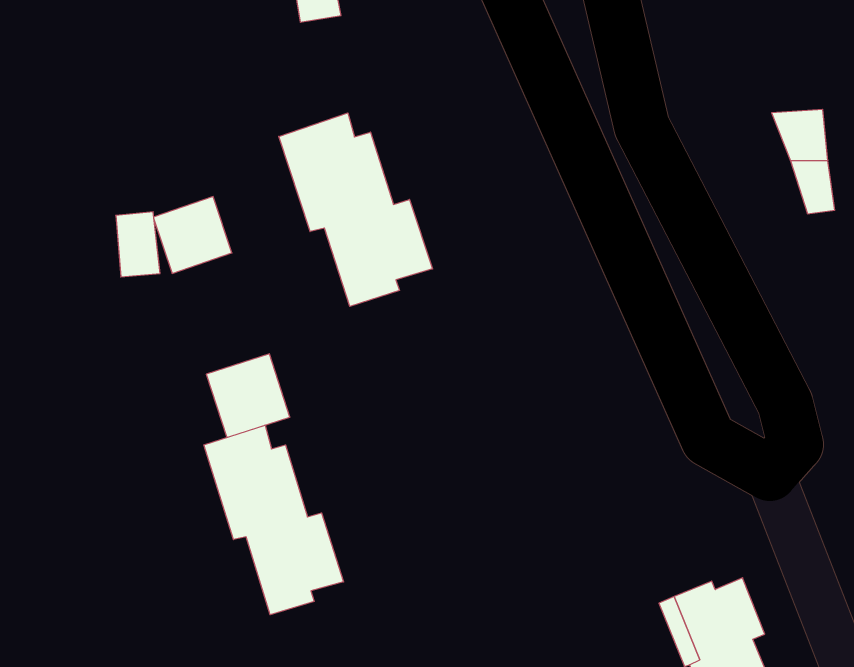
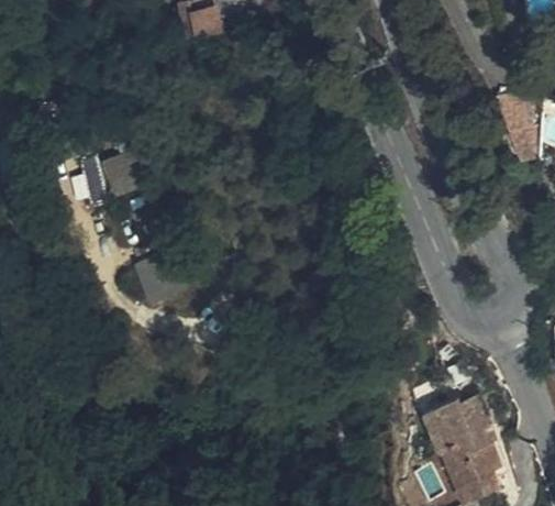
building: [279,113,433,306] -> none
building: [204,425,344,615] -> none

